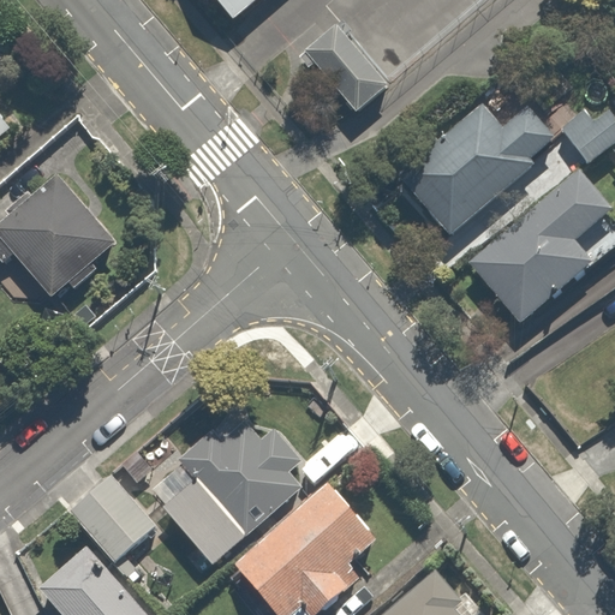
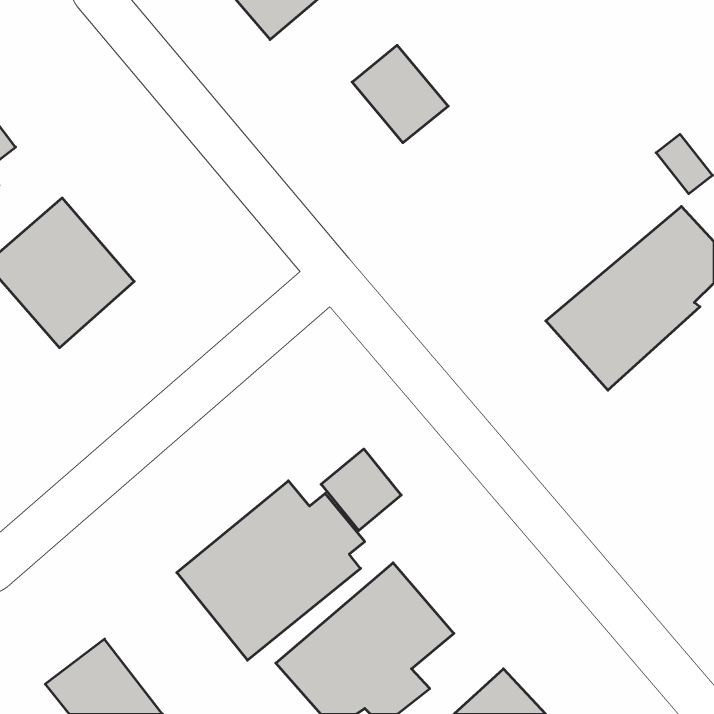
building: [386,111,563,240] -> none
building: none -> [321,449,401,531]
building: [68,468,161,562] -> none

